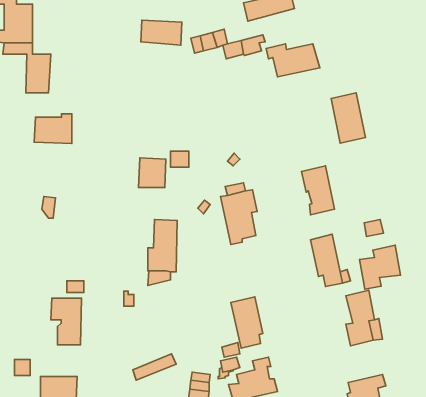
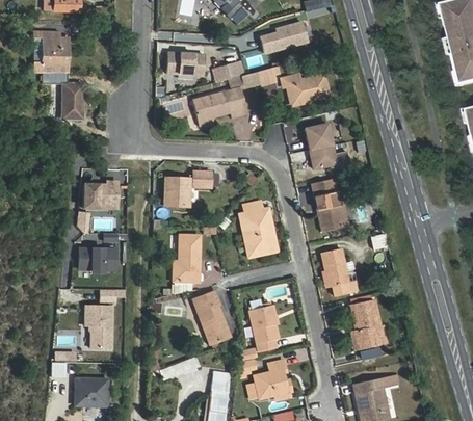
building: none -> [196,86,246,120]
building: [331,93,365,143] -> [305,123,336,168]
building: [34,114,72,143] -> [82,181,116,208]
building: none -> [79,248,115,272]
building: [360,245,400,289] -> none
building: none -> [192,290,230,341]

